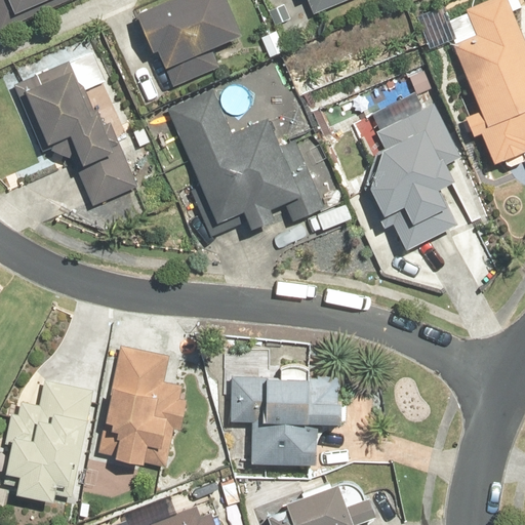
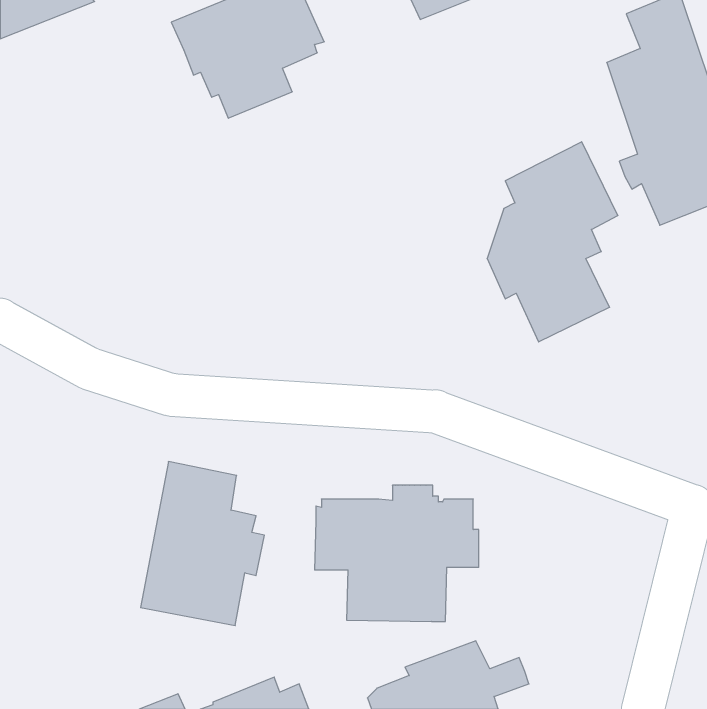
building: [13,63,137,207] -> none
building: [168,92,323,234] -> none
building: [12,374,102,494] -> none

